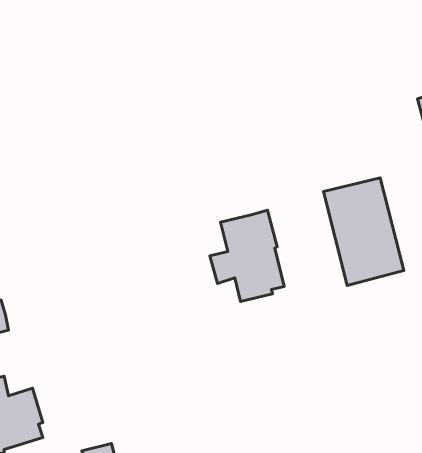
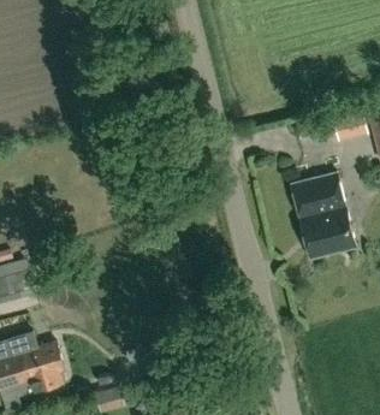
building: [210,210,284,302] -> none

